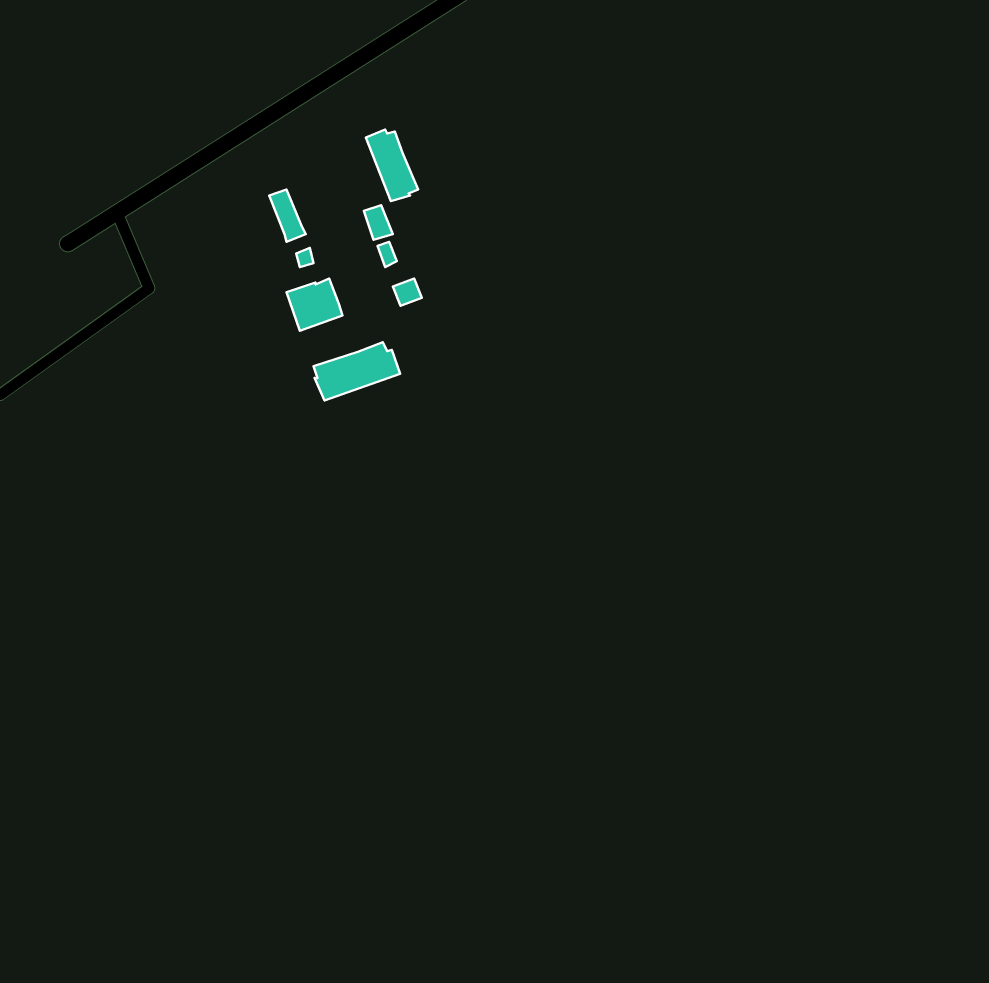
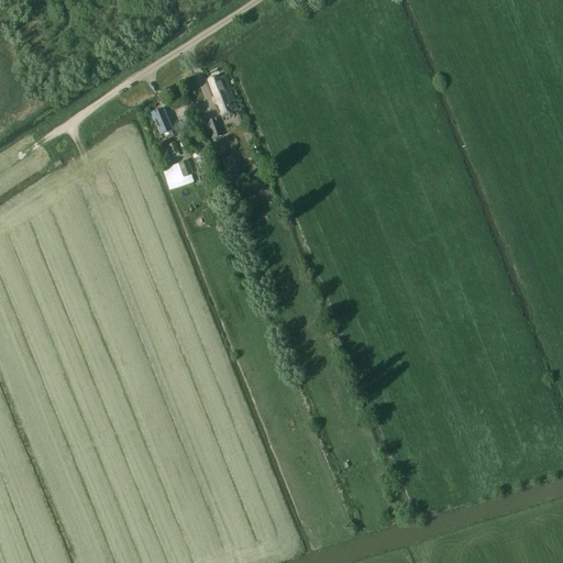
building: [313,342,400,400] -> none

